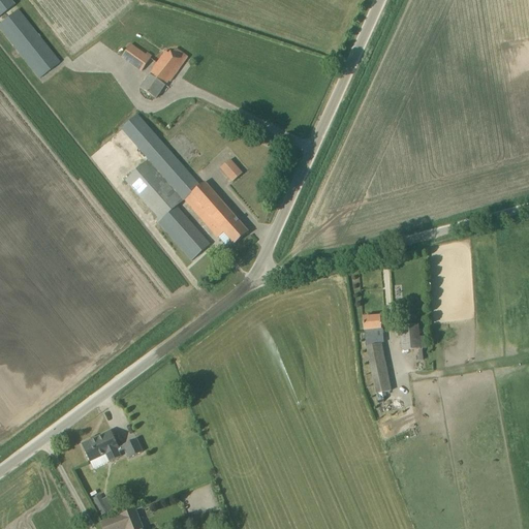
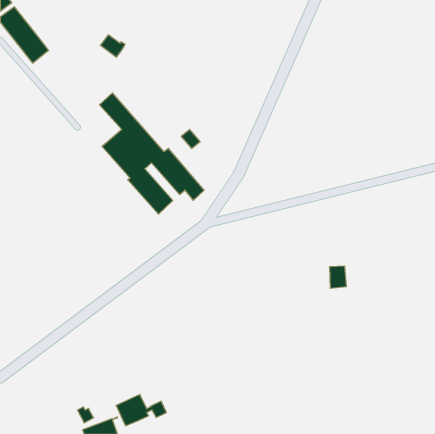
building: [141,45,188,97] -> none
building: [364,314,392,393] -> none
building: [82,429,143,467] -> [116,394,166,426]

